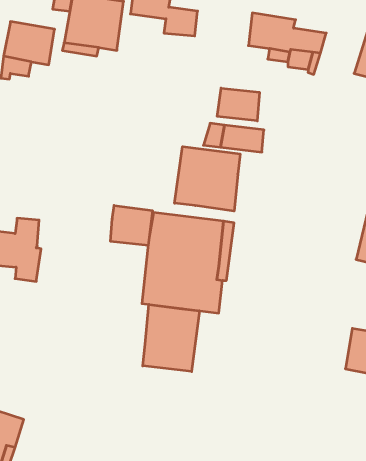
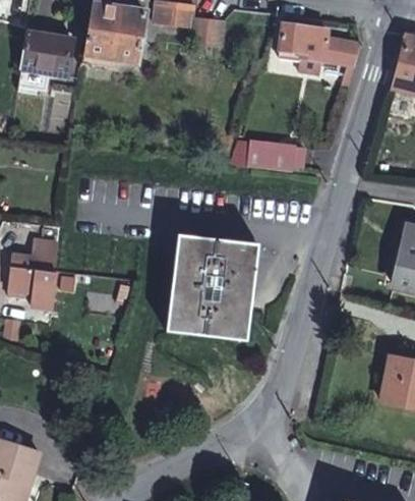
building: [217,88,259,121] -> none
building: [175,147,240,211] -> none
building: [111,205,152,246] -> none
building: [143,304,199,372] -> none

